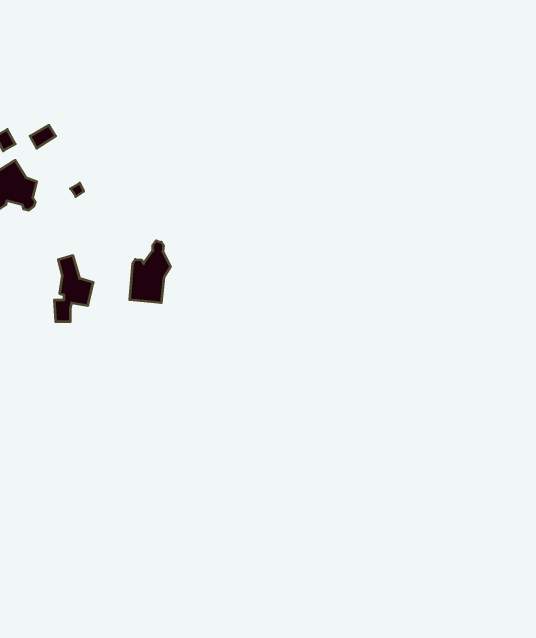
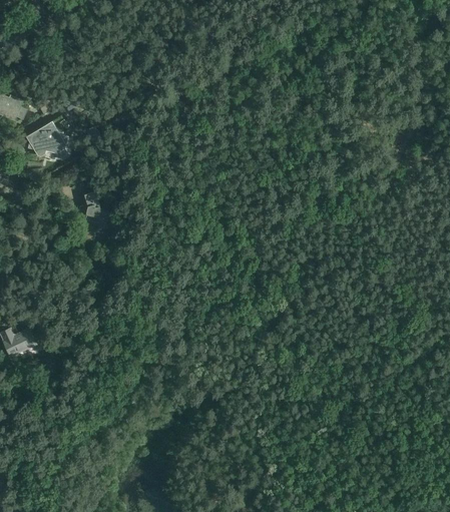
building: [130,241,170,303] -> none

